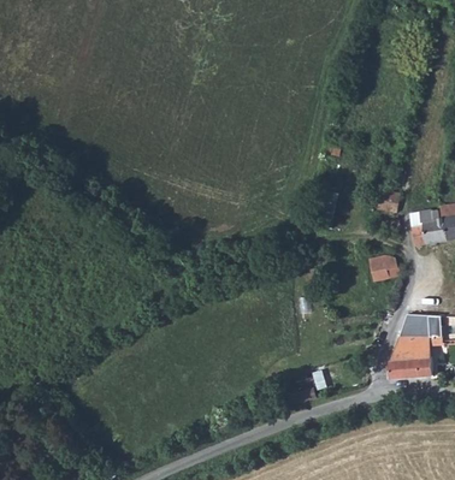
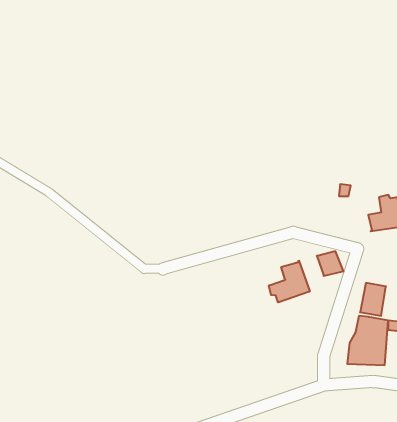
building: none -> [269,261,310,302]

